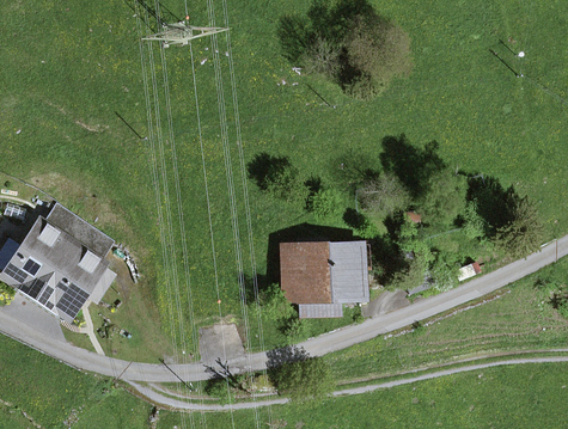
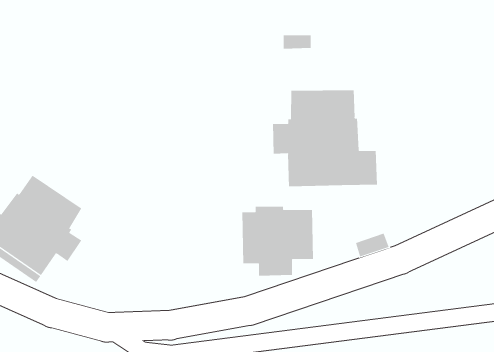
building: none -> [273,90,377,187]

